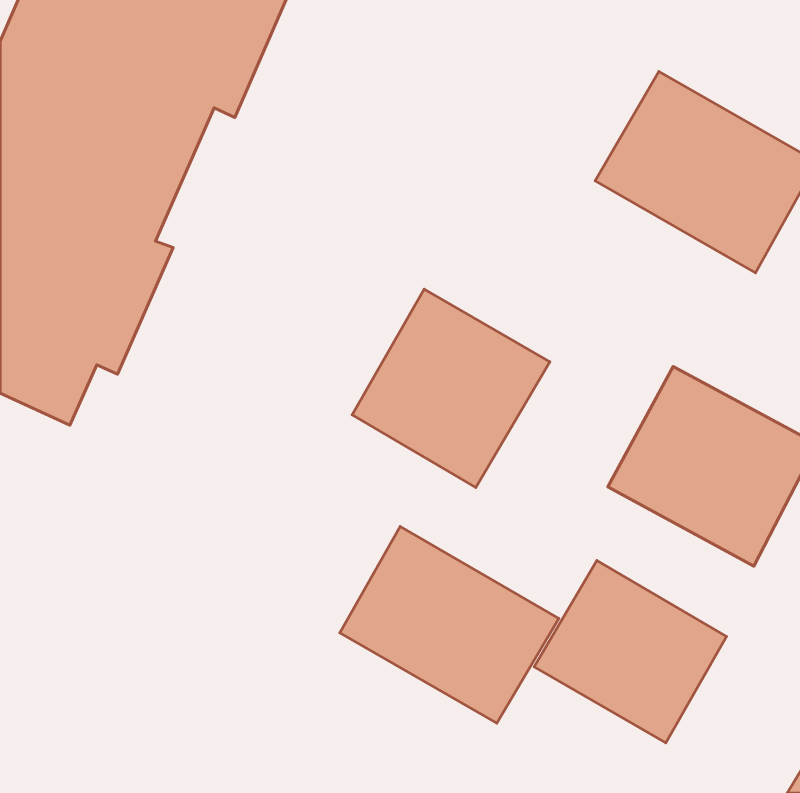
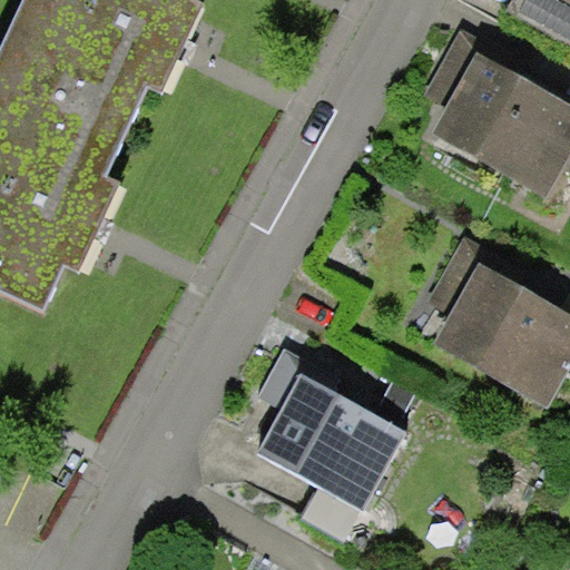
building: [352,289,550,487] -> none
building: [534,561,727,743] -> none

